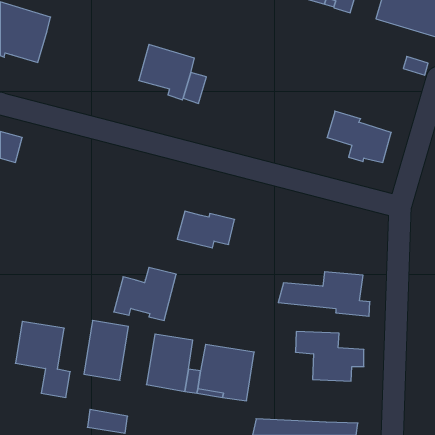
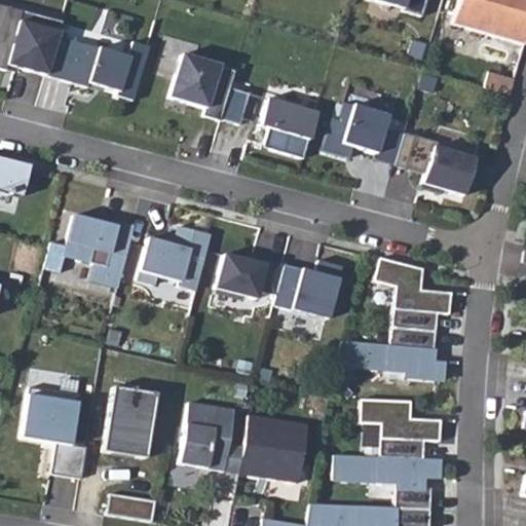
building: none -> [48,37,129,91]
building: none -> [260,98,317,157]
building: none -> [323,104,405,165]
building: none -> [45,209,137,283]
building: none -> [375,258,454,331]
building: none -> [274,260,342,318]
building: [114,267,176,320] -> [138,226,213,290]
building: none -> [333,454,443,509]

